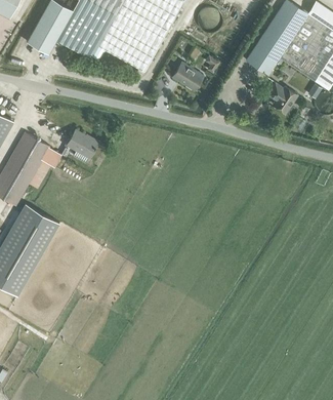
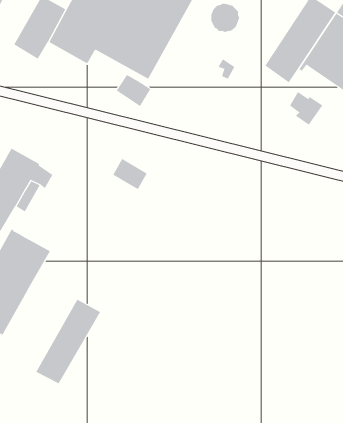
building: [172,62,203,90] -> [116,74,151,107]
building: [67,129,97,157] -> [112,158,148,190]
building: none -> [36,299,101,384]

